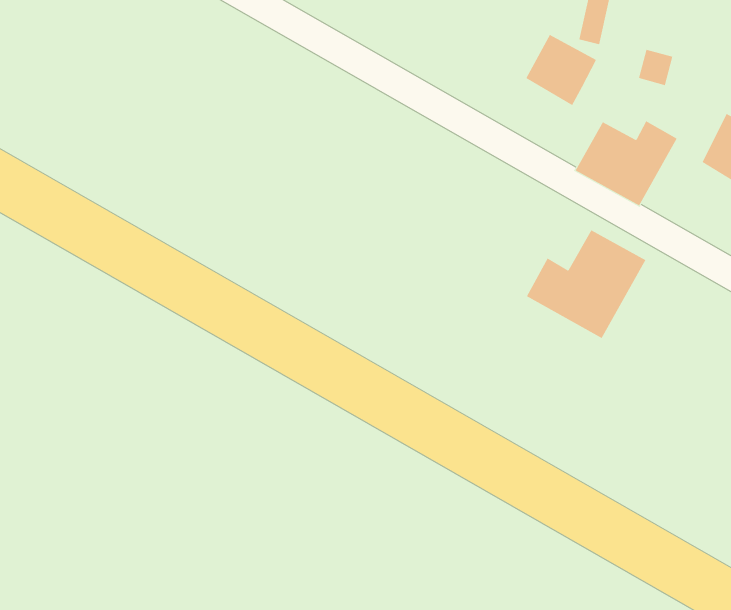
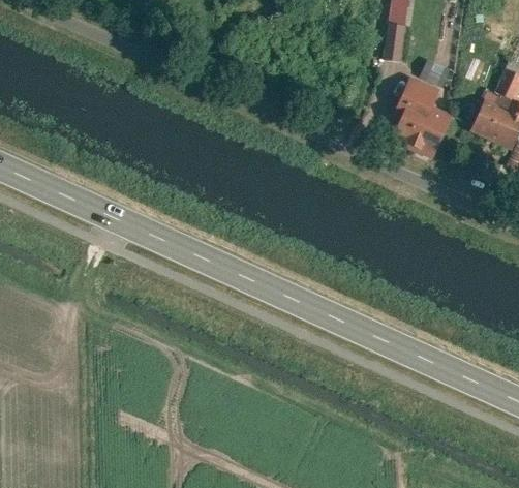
building: [525,34,597,106] -> [396,74,439,118]
building: [526,230,646,339] -> none

